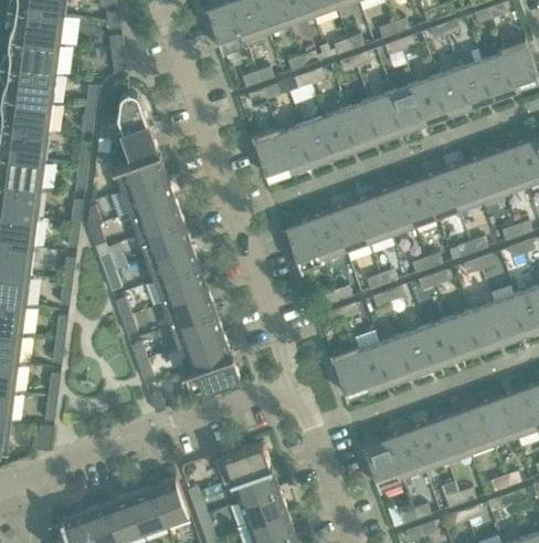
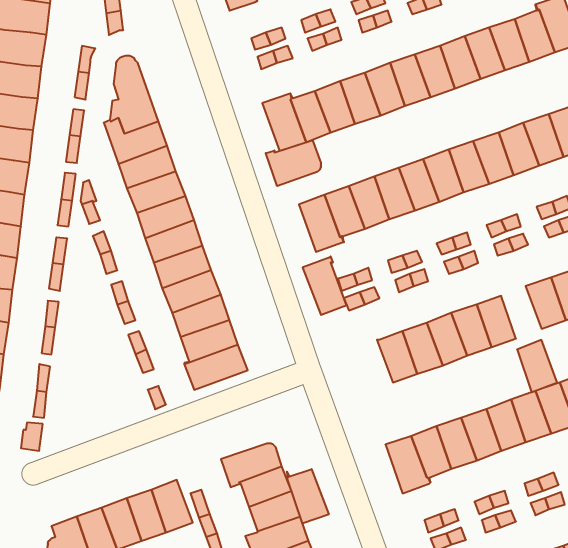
building: none -> [266,140,321,186]
building: [468,302,505,349] -> [517,340,557,392]
building: [330,345,370,398] -> [303,256,347,315]
building: none -> [287,469,329,523]

